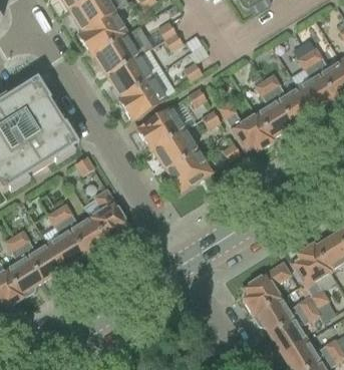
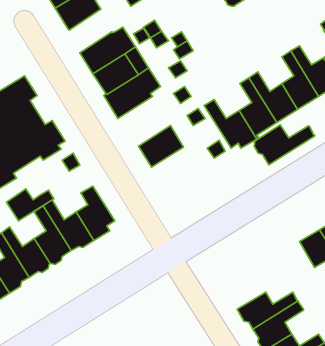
building: [78,10,129,56] -> none
building: [137,105,186,150] -> none
building: none -> [254,125,315,165]
building: [166,149,213,192] -> none
building: none -> [7,189,54,221]
building: [292,242,331,306] -> none
building: [243,261,291,313] -> none

